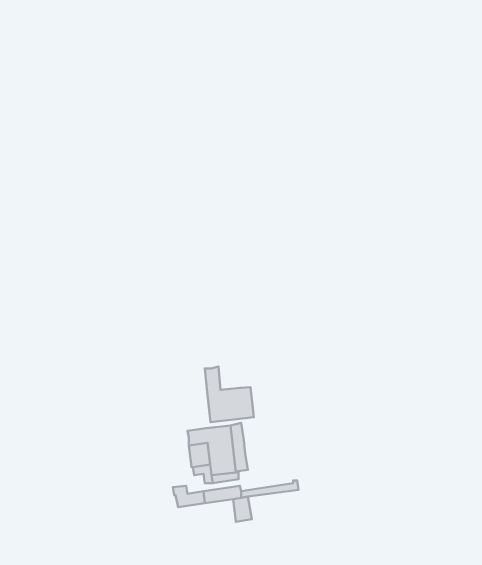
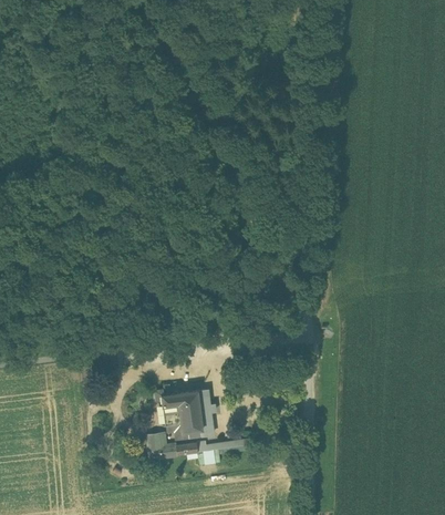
building: [205,366,254,422] -> none

